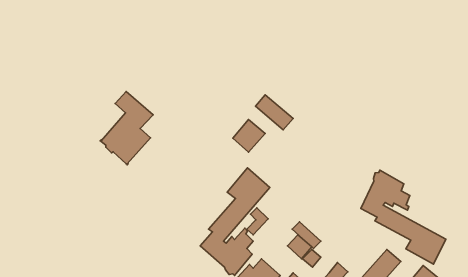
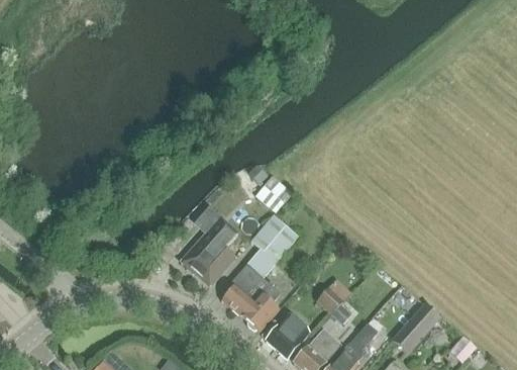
building: [100,91,153,165] -> [180,208,237,288]
building: [255,95,293,130] -> none
building: [361,170,446,264] -> none

